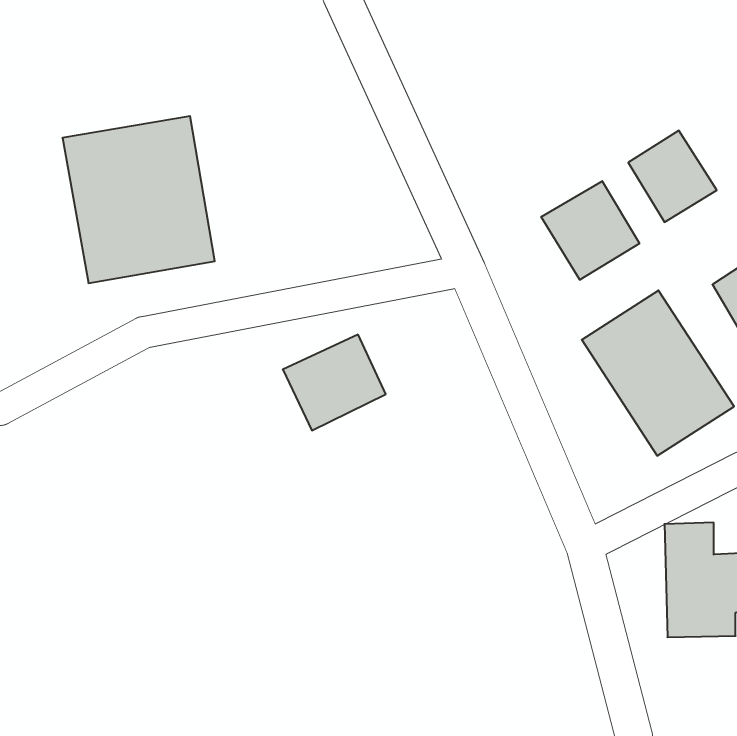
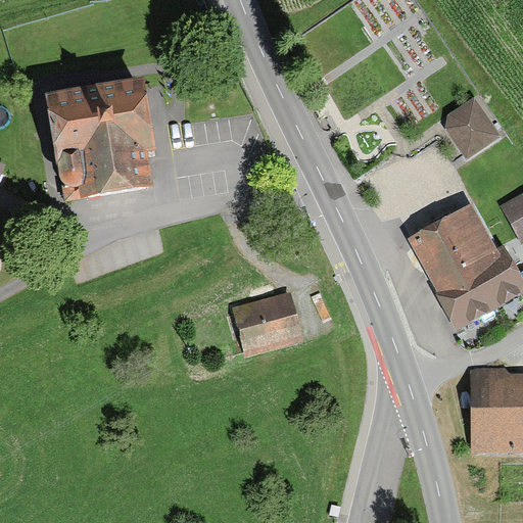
building: [541,181,639,280] -> none
building: [283,335,386,430] -> [227,292,299,360]

